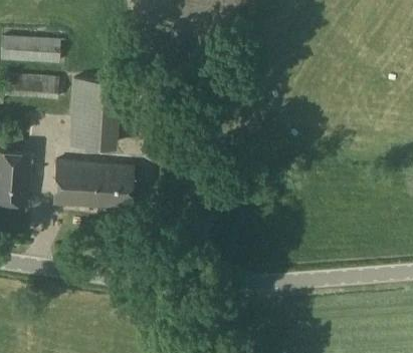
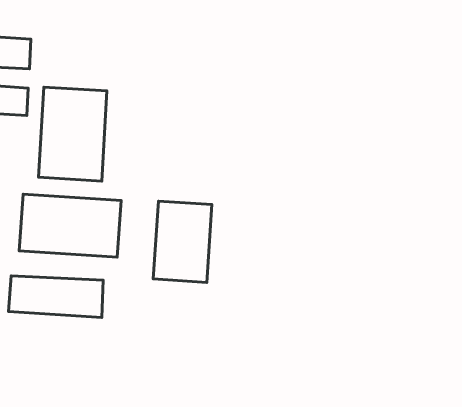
building: none -> [153,201,212,282]
building: none -> [8,276,103,318]

